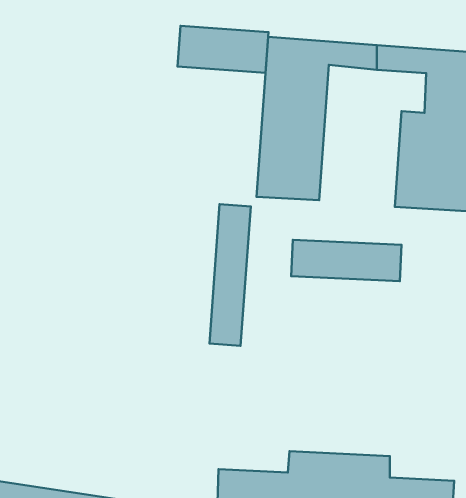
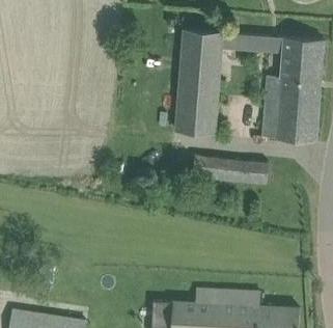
building: [178,26,268,73] -> none
building: [209,204,251,346] -> none

